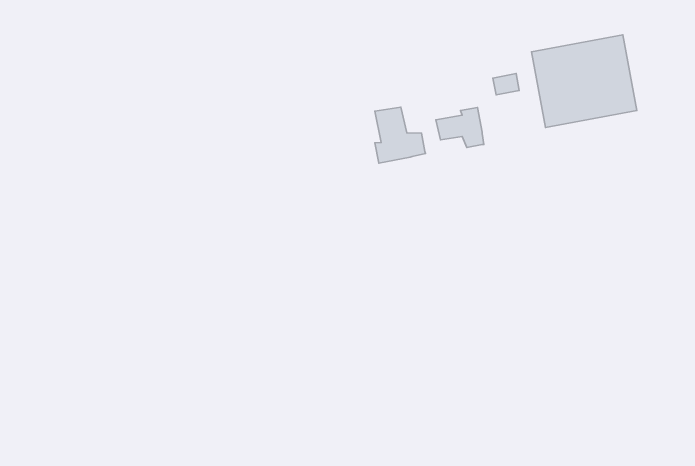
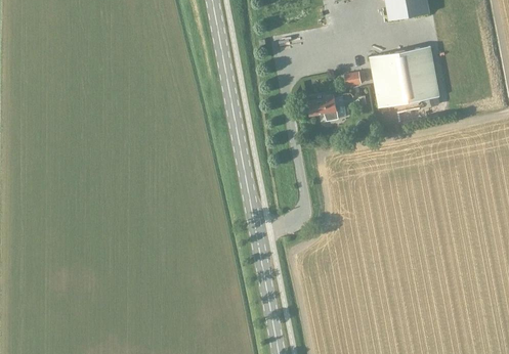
building: [375,107,426,163] -> none

